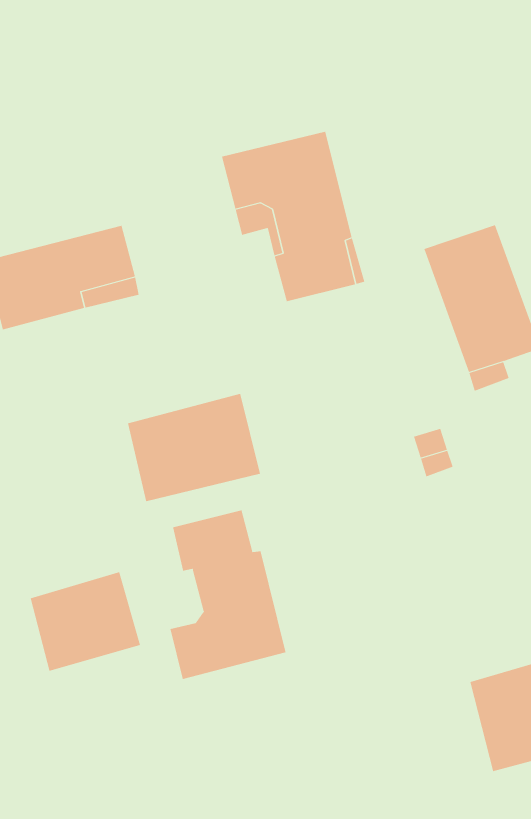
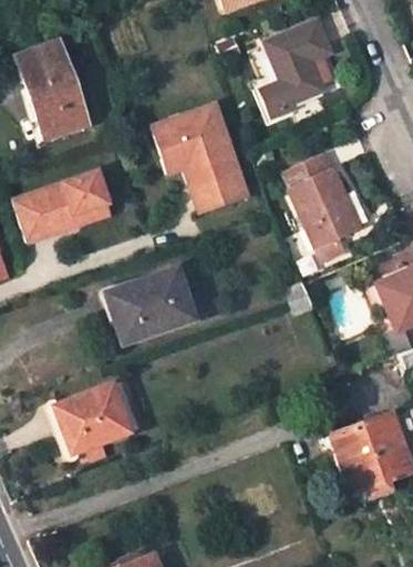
building: none -> [18,43,87,137]
building: none -> [264,22,332,114]
building: [170,509,286,680] -> none

